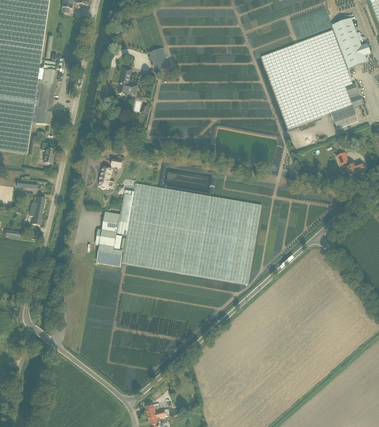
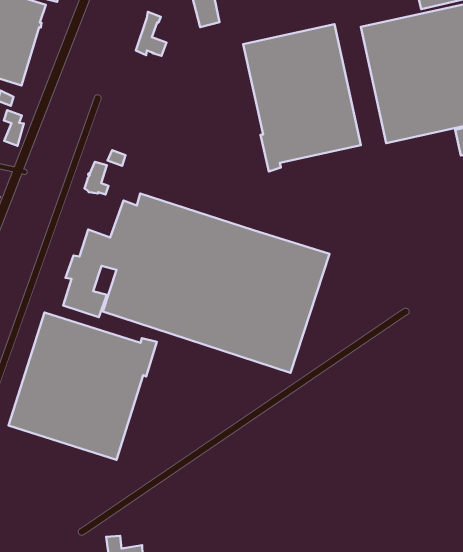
building: none -> [243,24,361,171]
building: none -> [8,312,157,460]

